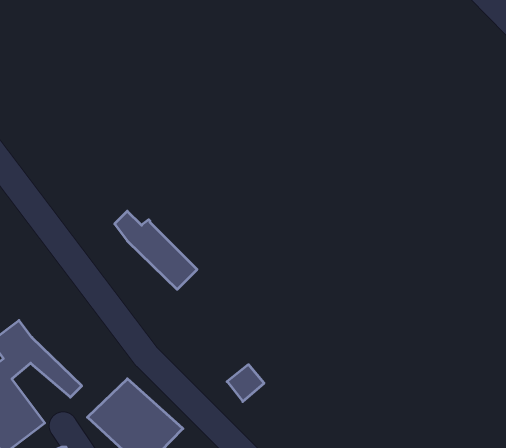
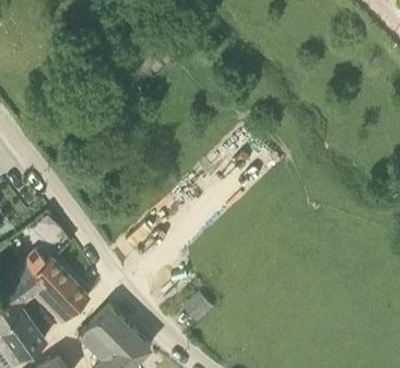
building: [115,211,197,289] -> [25,253,89,313]

